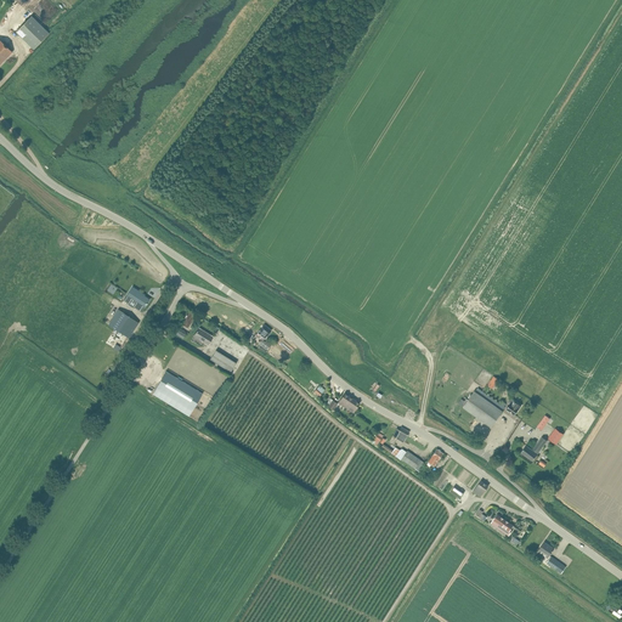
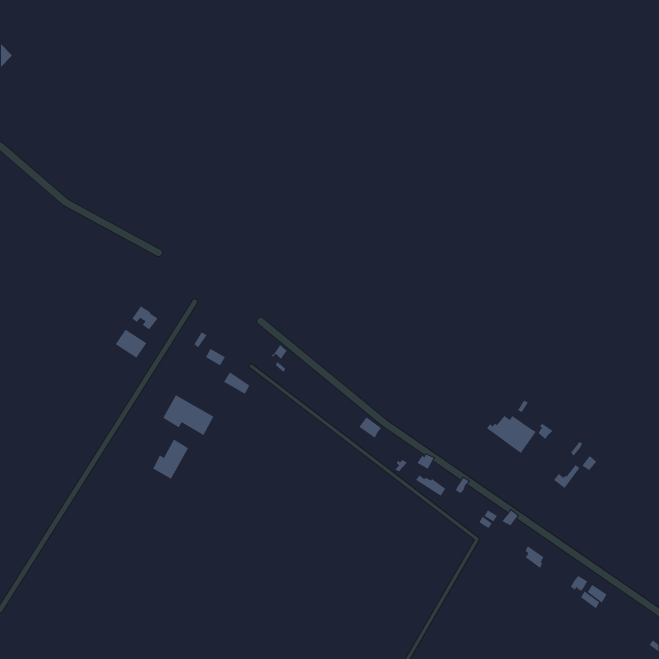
building: [16,16,49,50] -> none
building: none -> [152,439,189,479]

